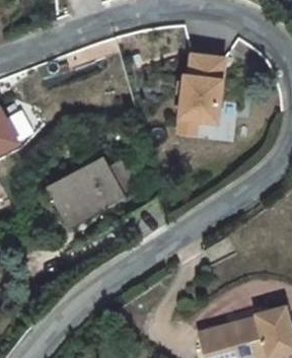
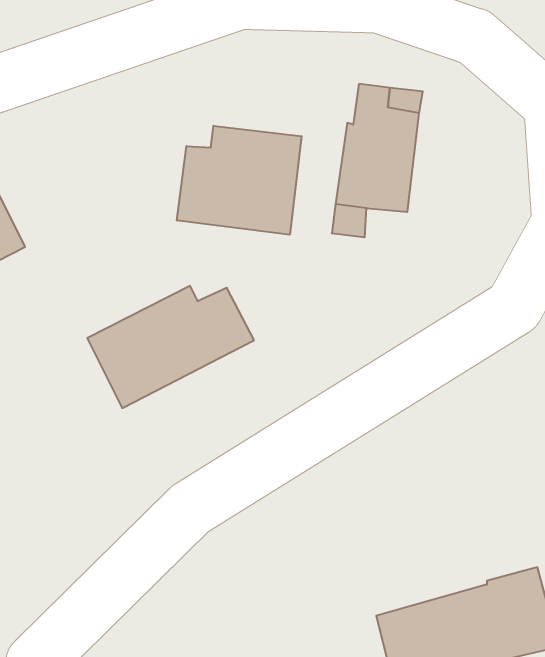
building: none -> [177,126,301,235]

